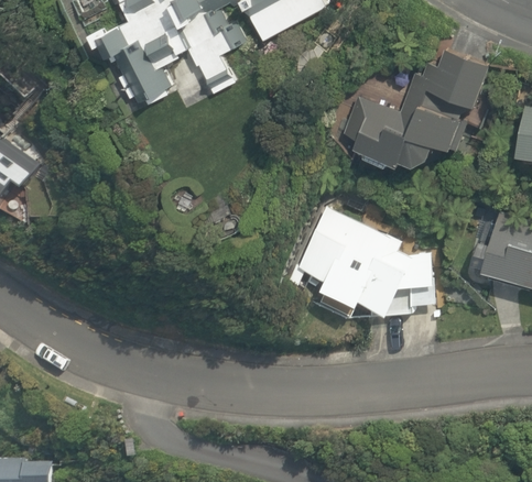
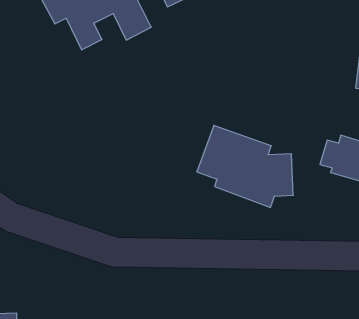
building: [326,47,490,168] -> none

